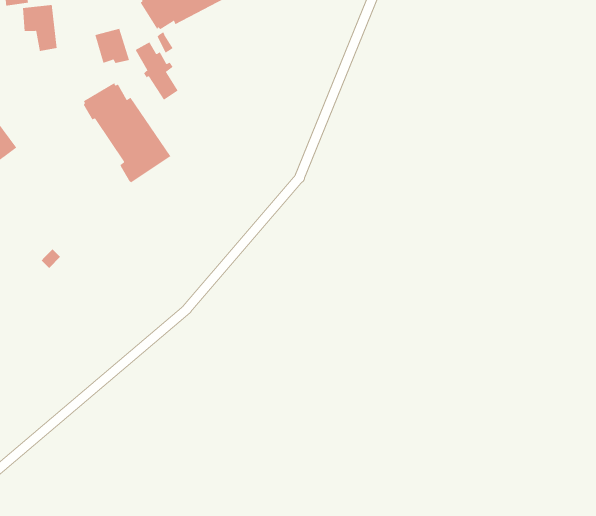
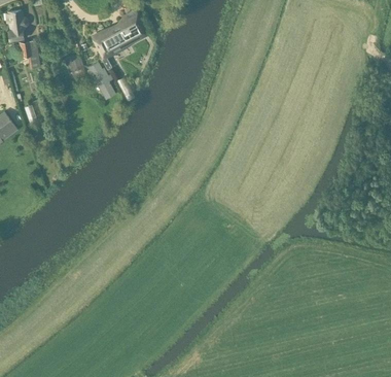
building: [83,82,171,183] -> none

